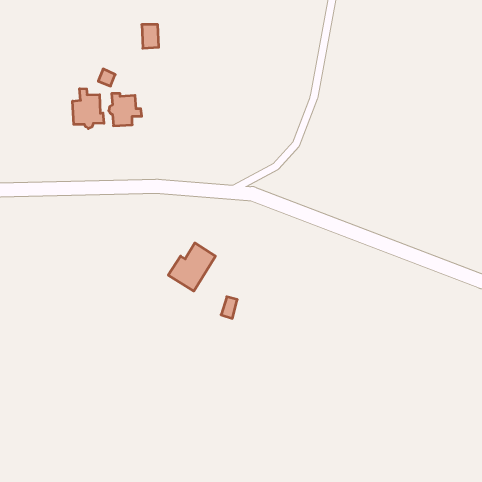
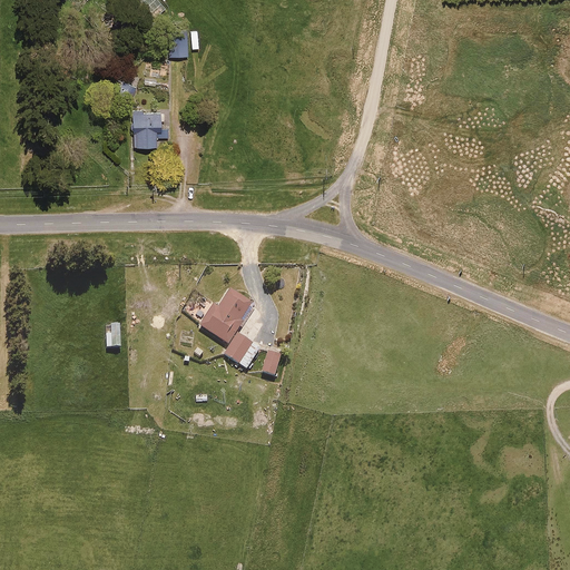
building: [73,89,104,129] -> none
building: none -> [223,332,259,367]

